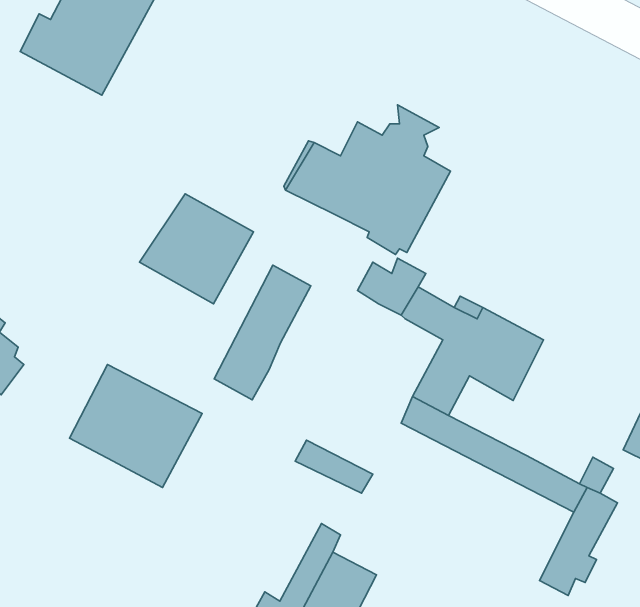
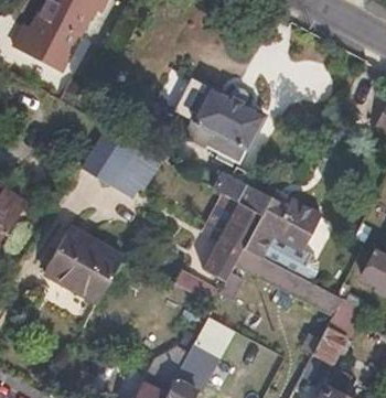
building: [214,265,311,400] -> [203,202,259,280]
building: none -> [262,235,315,281]

